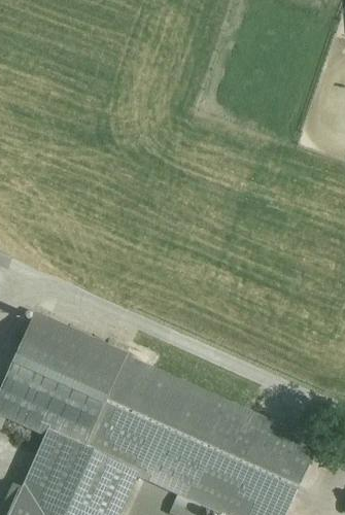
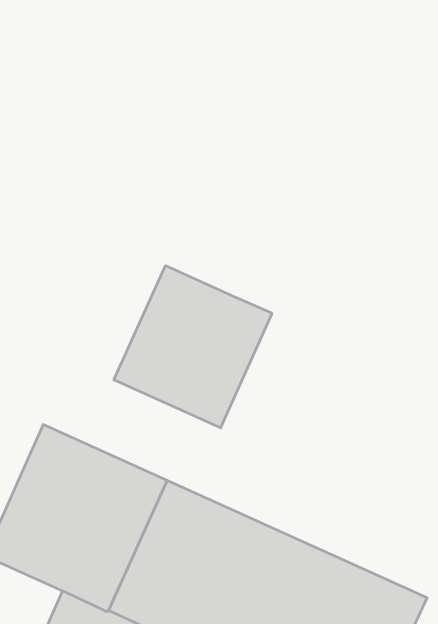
building: none -> [114,266,271,428]

